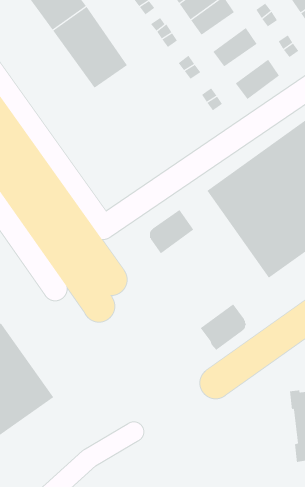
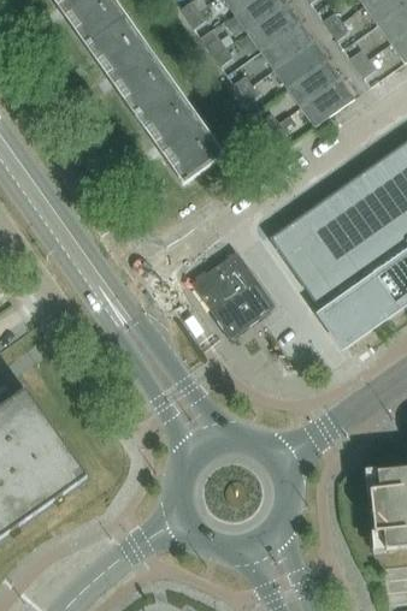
building: none -> [261,23,314,70]
building: none -> [288,60,341,107]
building: none -> [135,85,224,183]
building: [200,304,247,351] -> [213,279,269,334]

